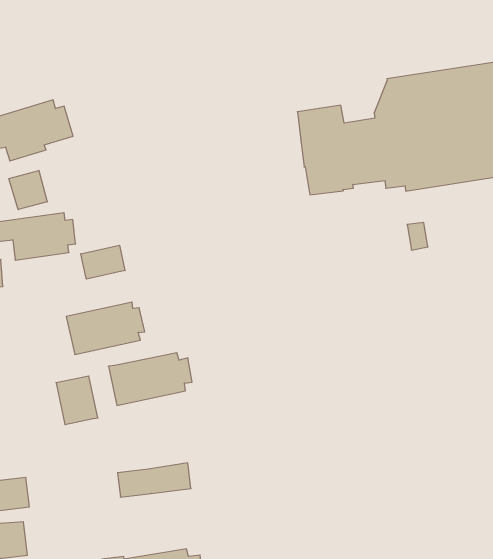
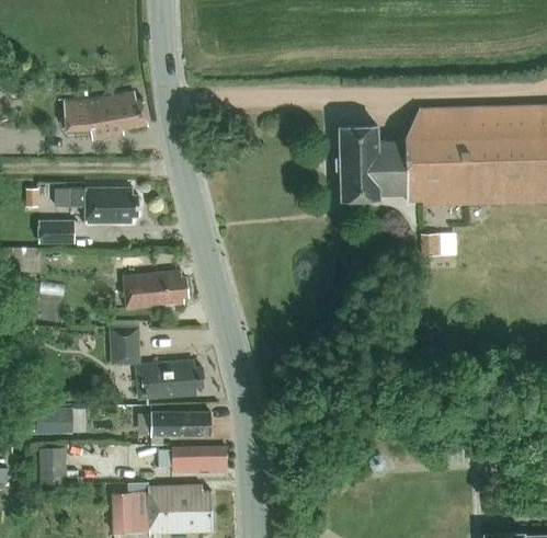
building: [9,170,47,210] -> none
building: [81,245,125,279] -> none
building: [108,353,192,405] -> [135,360,204,399]
building: none -> [172,447,227,474]

